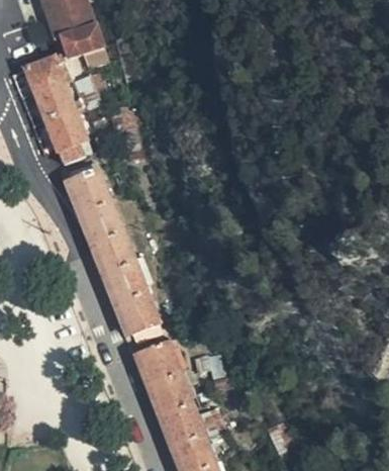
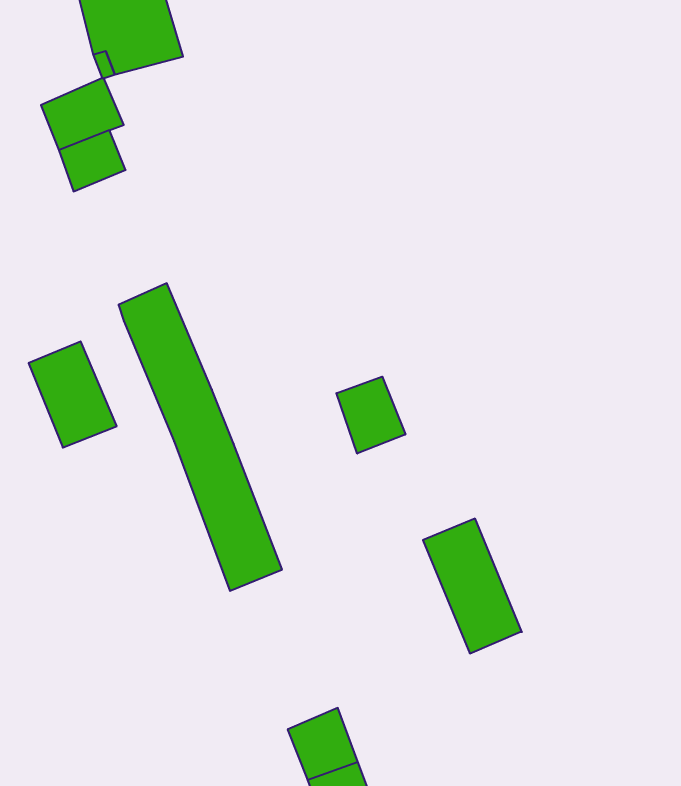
building: [41,105,91,165] -> [29,341,117,448]
building: none -> [336,377,405,454]
building: [135,344,191,419] -> [423,519,522,653]

